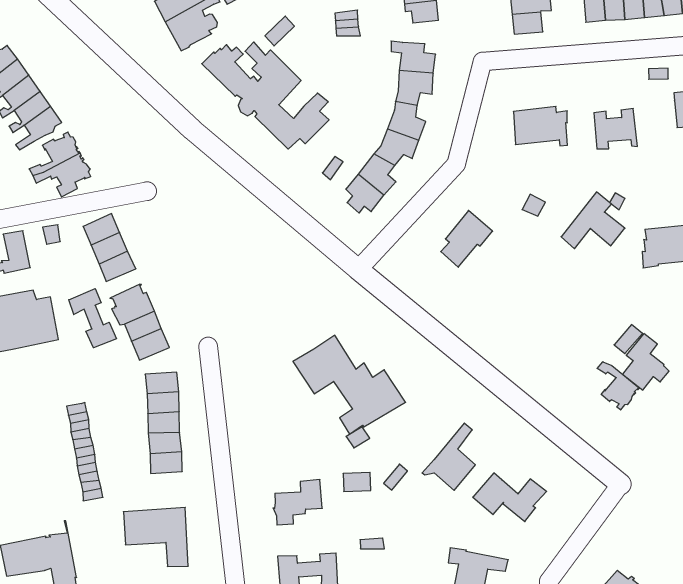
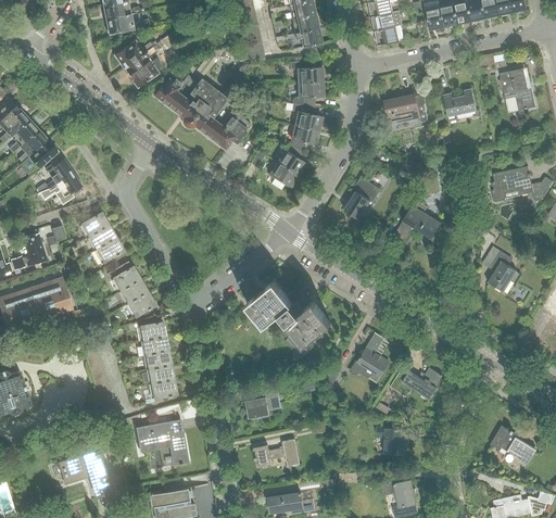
building: [561,192,625,249] -> [394,201,440,244]
building: [69,289,117,348] -> none
building: [597,362,640,410] -> none

